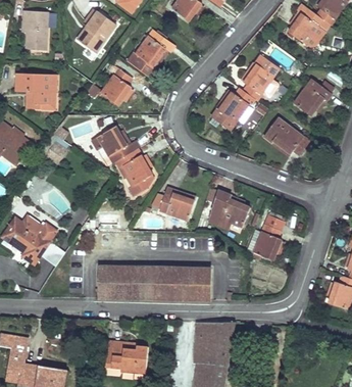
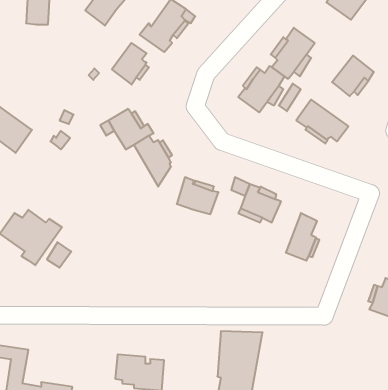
building: [15,72,55,109] -> none
building: [98,267,210,299] -> none

